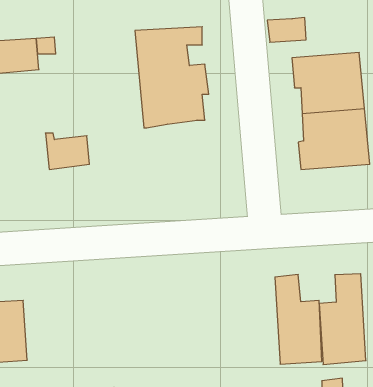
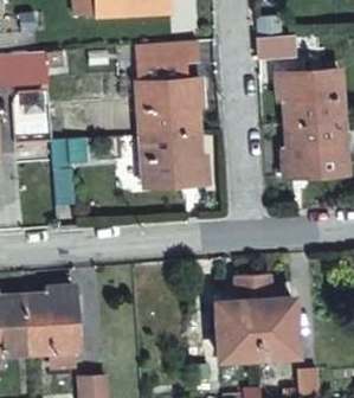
building: none -> [136,130,202,187]
building: [319,274,366,365] -> [218,274,260,357]
building: none -> [26,284,81,365]

